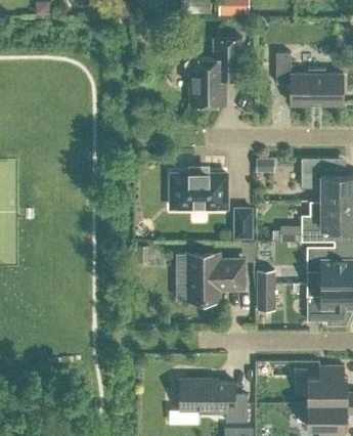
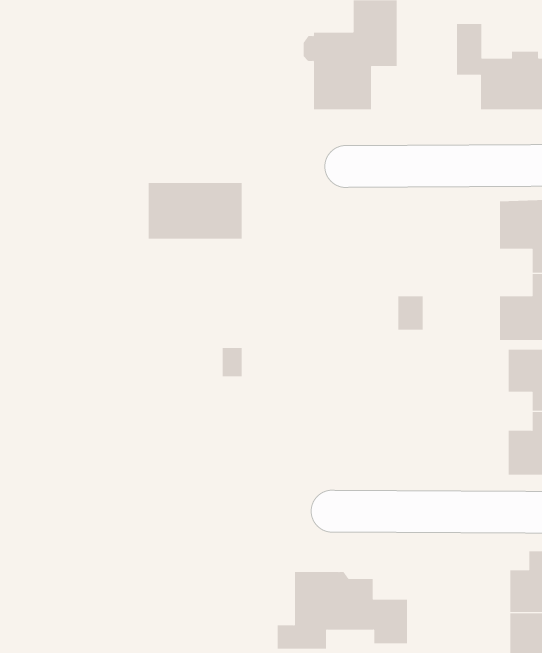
building: [170,174,226,208] -> [148,182,243,239]
building: [188,254,242,300] -> none
building: [257,271,274,309] -> none

